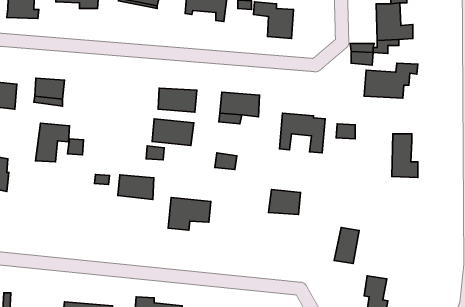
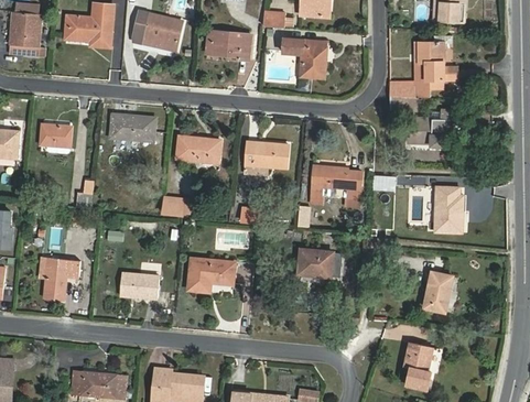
building: [152,119,194,146] -> [110,112,156,142]
building: [36,123,69,162] -> [42,257,79,300]
building: [118,175,154,200] -> [119,271,159,298]
building: [334,228,359,263] -> [423,272,451,312]

